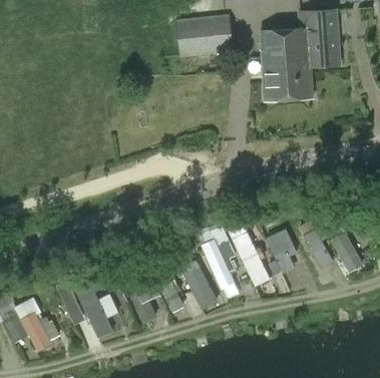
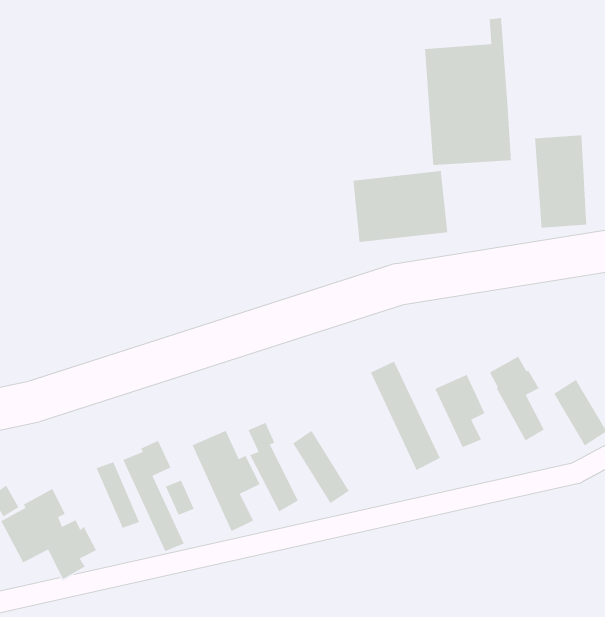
building: [306,9,338,66] -> [534,135,587,229]
building: [174,14,233,58] -> [352,170,448,243]
building: [200,225,235,290] -> none

